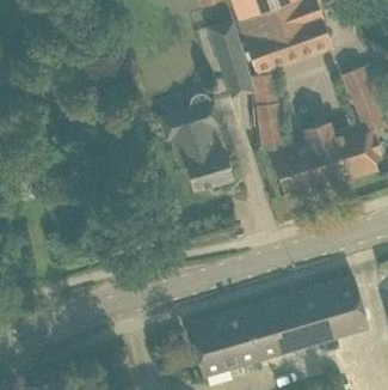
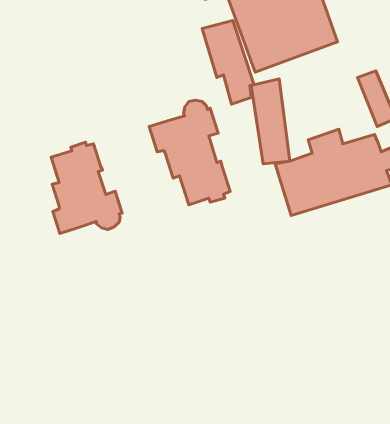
building: none -> [51,142,122,233]
building: [190,278,369,376] -> none

